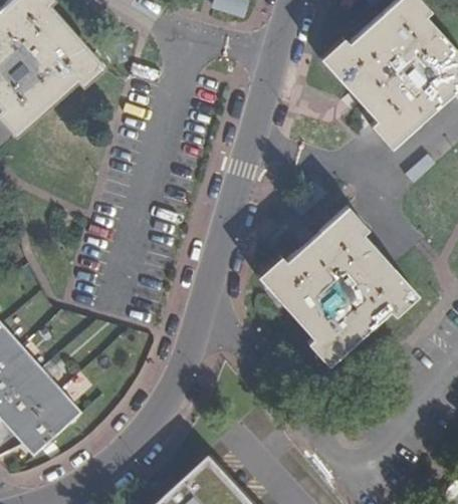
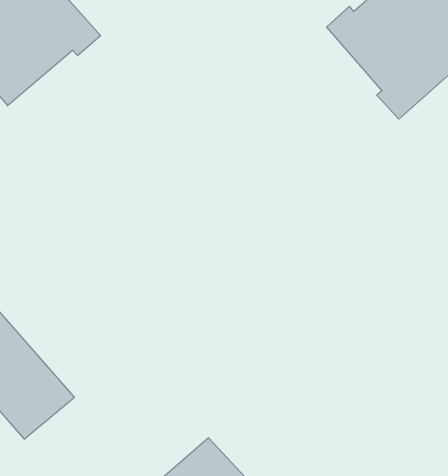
building: [259,209,418,362] -> none

